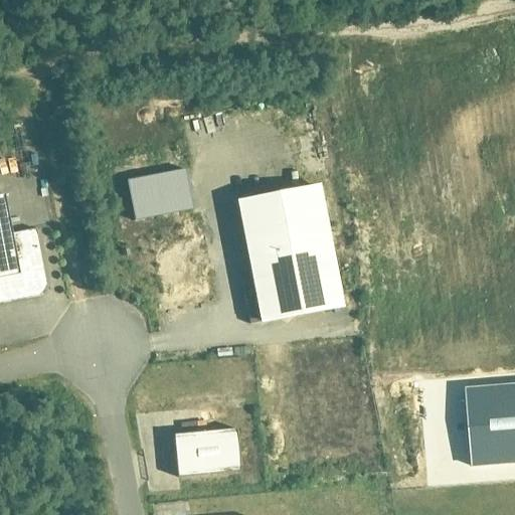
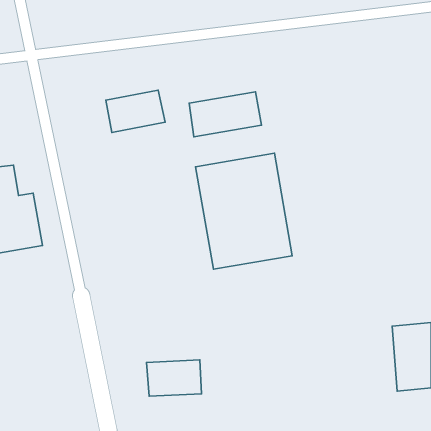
building: none -> [189,92,261,137]
building: [125,169,195,219] -> [106,90,165,132]

